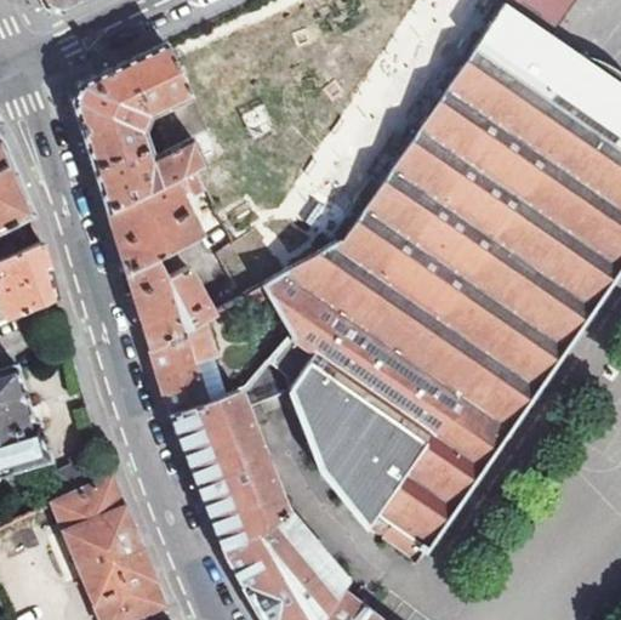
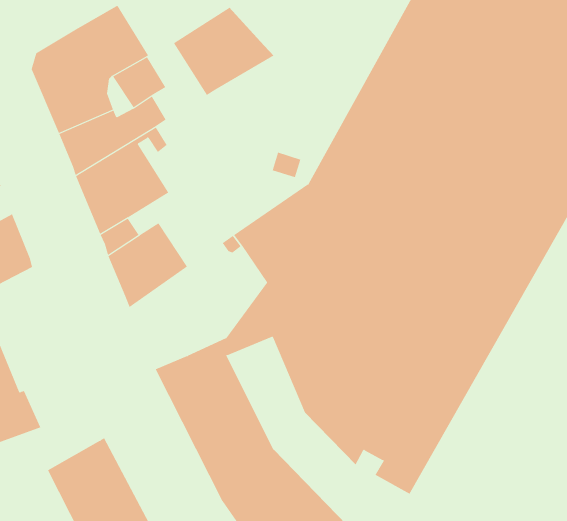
building: none -> [173,7,275,96]
building: [150,319,217,415] -> none

